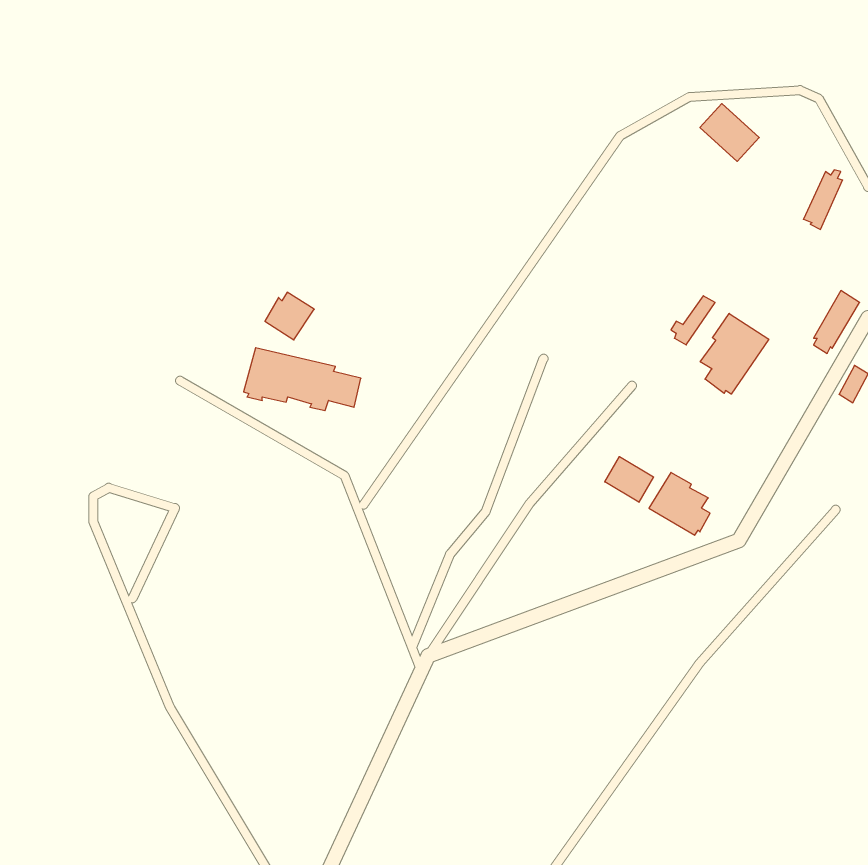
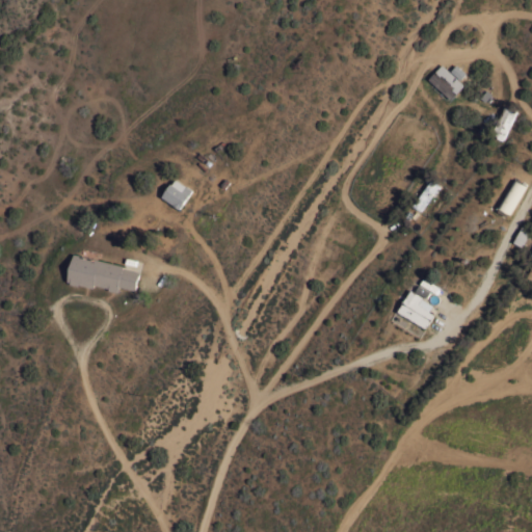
building: [700,313,769,394] -> none
building: [244,348,361,411] -> [68,256,139,294]
building: [605,457,654,502] -> none

